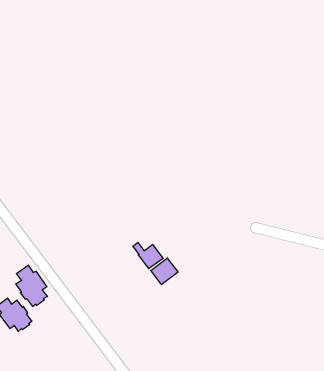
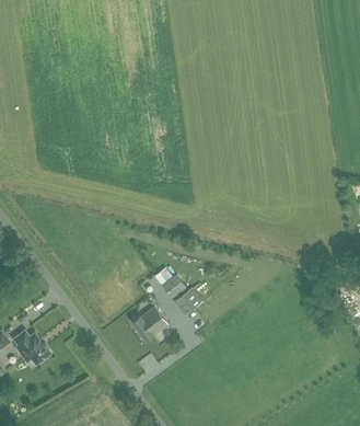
building: [16,265,47,307] -> none
building: none -> [132,308,167,343]

